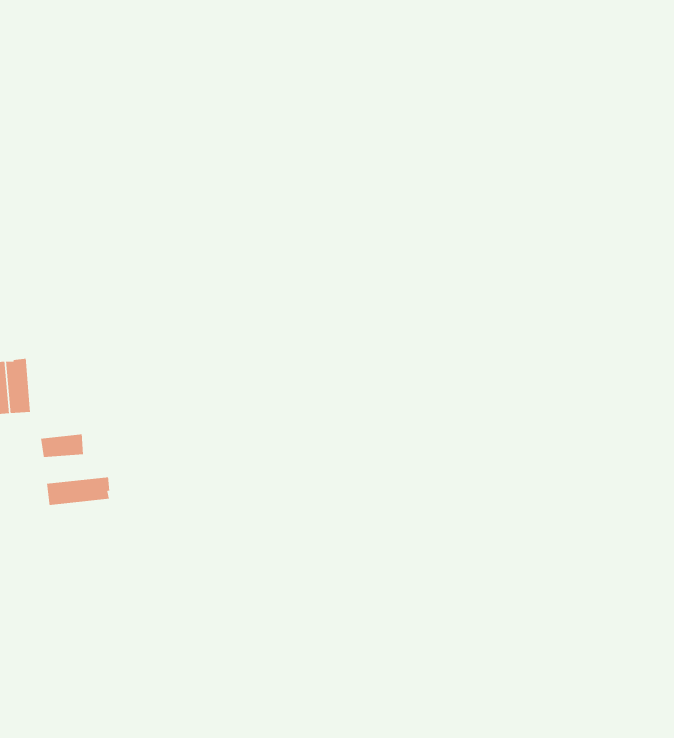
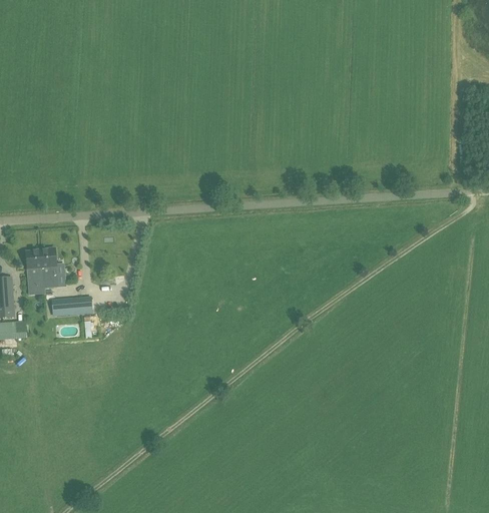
building: [46,476,110,506] -> none

